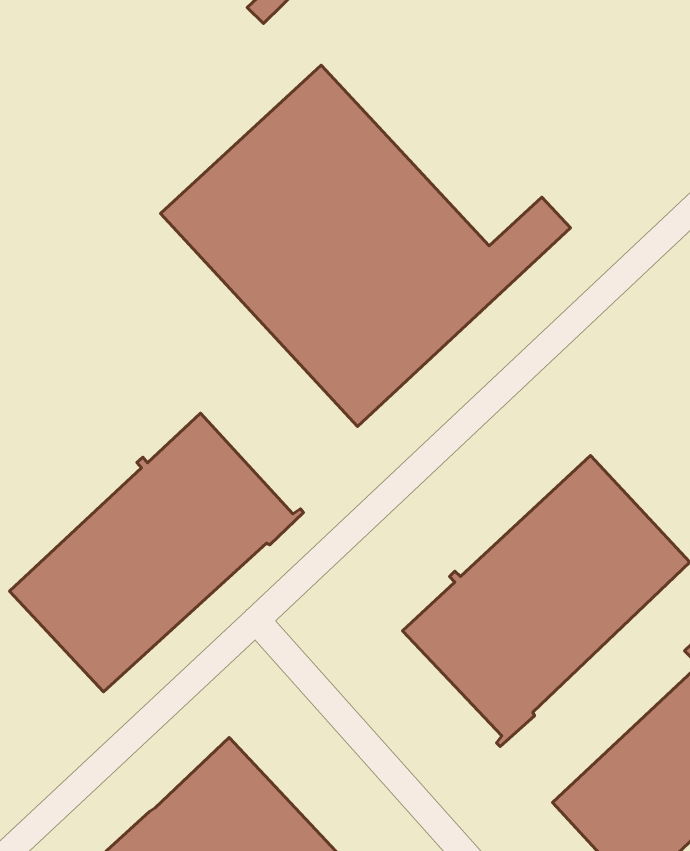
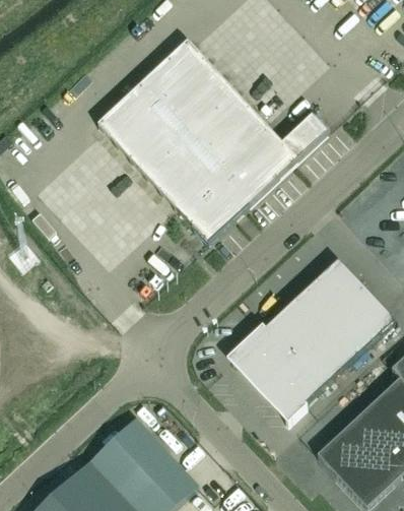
building: [10,413,304,692] -> none

